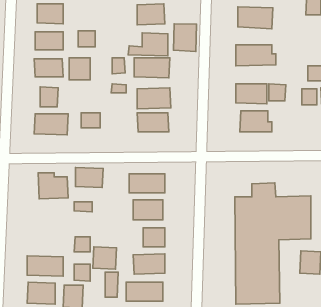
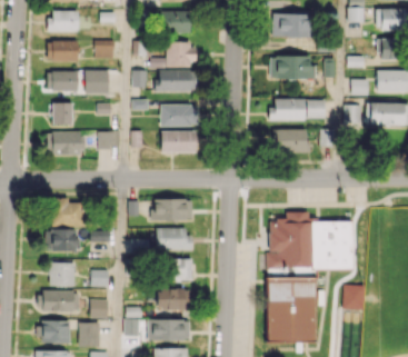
building: [174,24,196,52] -> none
building: [75,167,103,187] -> [44,229,76,251]
building: [93,247,117,269] -> [48,261,74,286]

